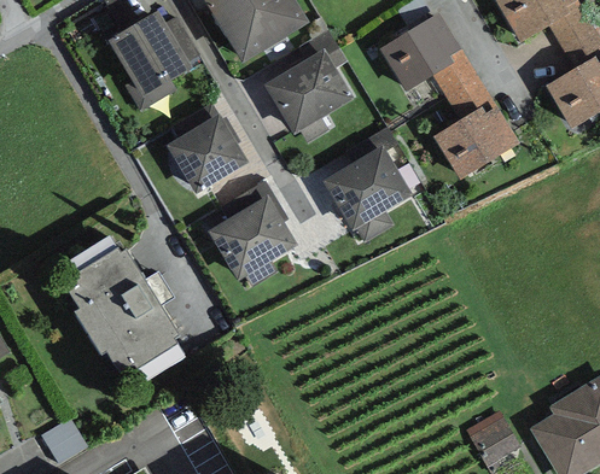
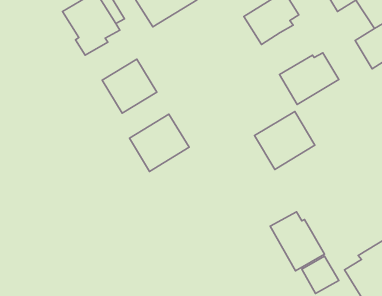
building: [433,46,497,118] -> none
building: [263,48,354,134] -> none
building: [322,144,413,230] -> [255,111,315,170]
building: [66,250,176,376] -> none
building: none -> [270,212,324,271]

